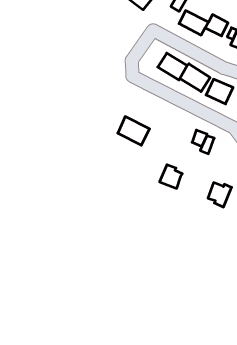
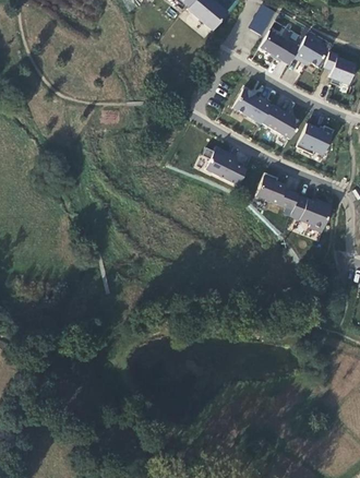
building: [118,117,150,145] -> [204,145,247,183]
building: [160,165,182,188] -> [255,174,286,205]
building: [208,183,232,207] -> [300,200,332,232]

